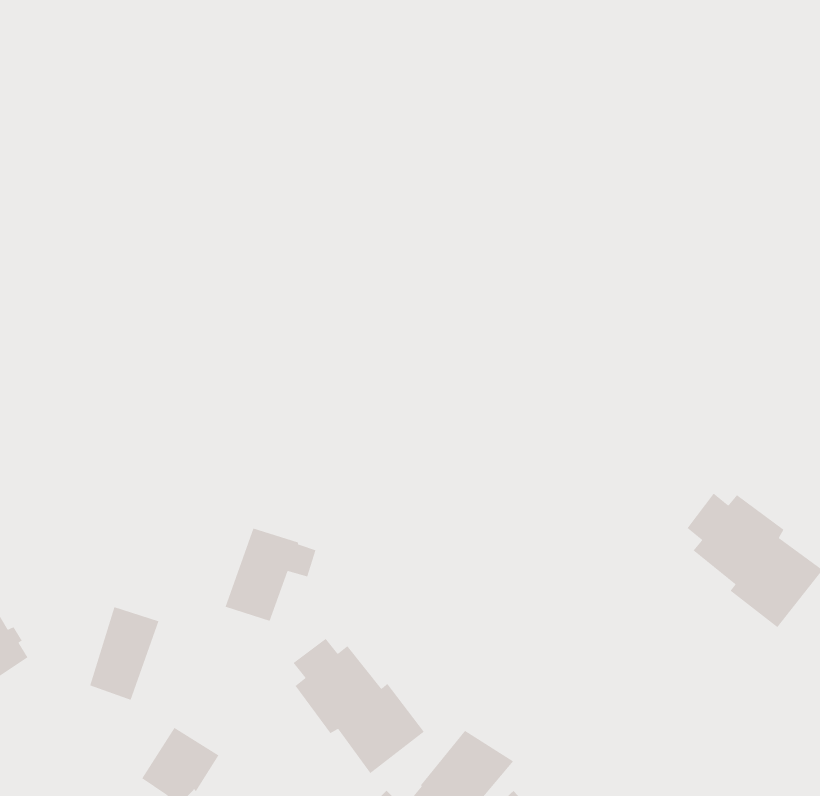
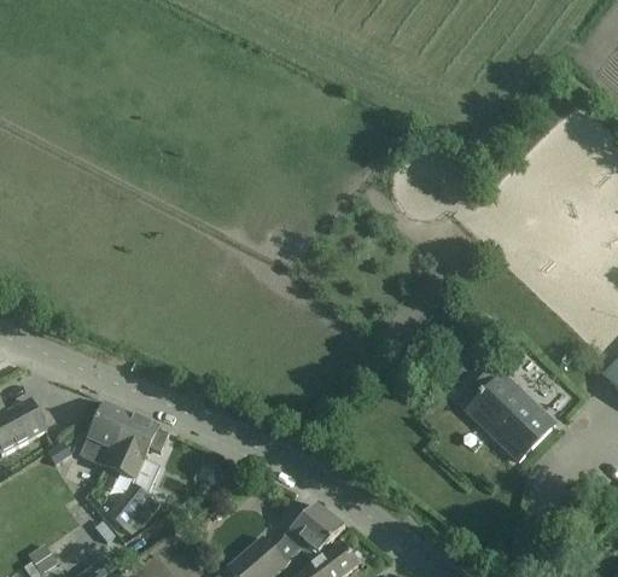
building: [224,527,317,622] -> [107,415,169,476]
building: [293,638,425,774] -> none

